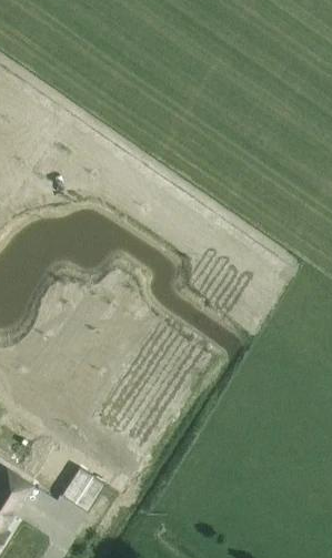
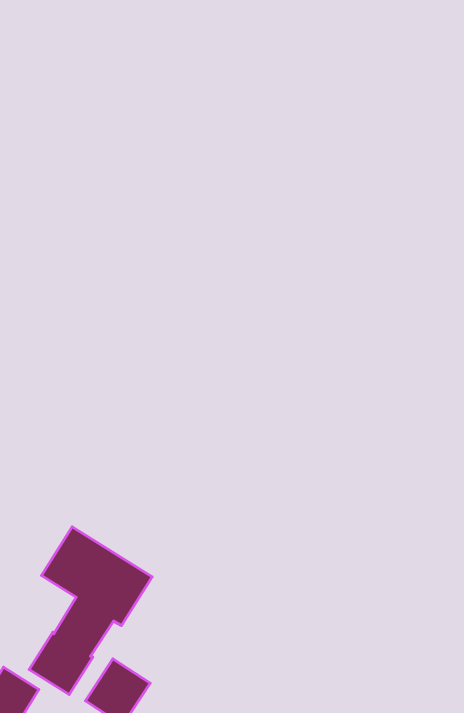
building: none -> [29,527,152,694]

